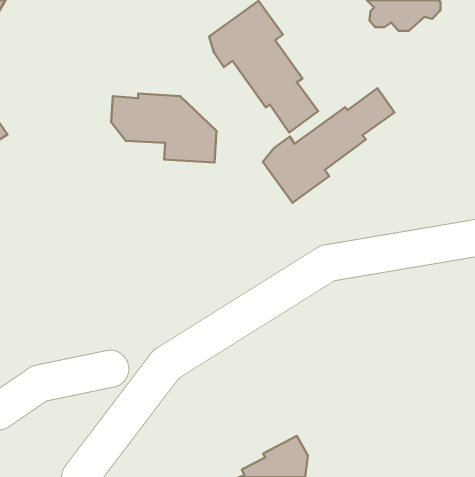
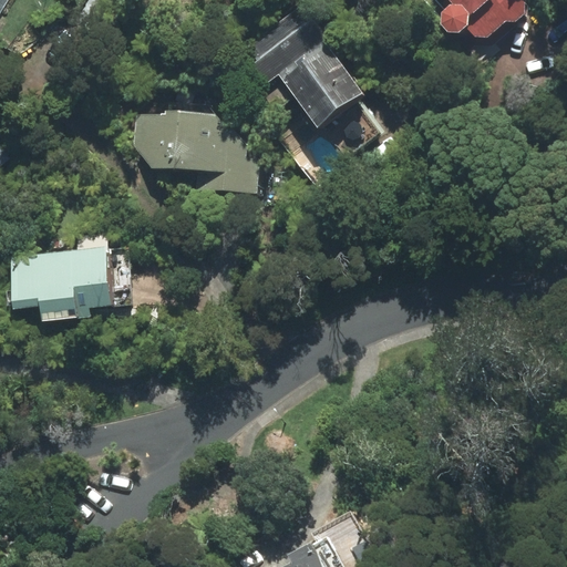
building: [263,88,394,203] -> none
building: none -> [9,231,132,320]

